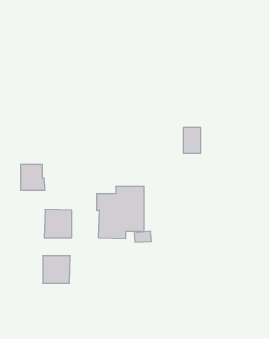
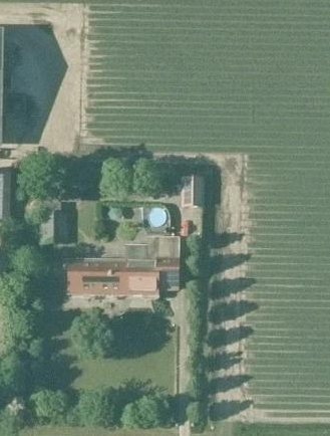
building: [183,128,201,153] -> [183,177,202,205]
building: [43,256,70,283] -> [97,262,127,292]

